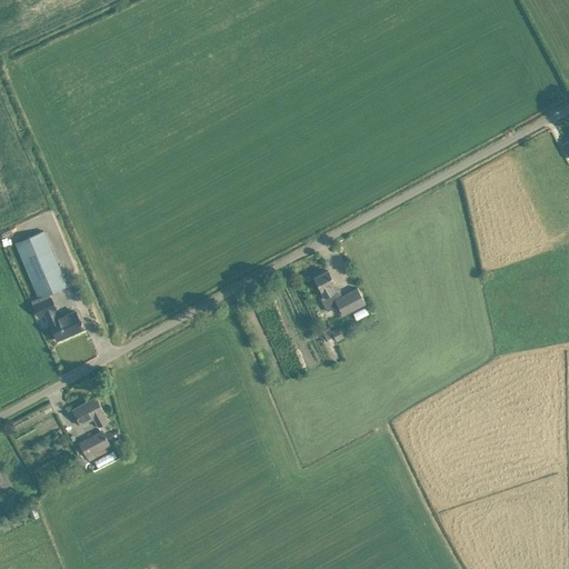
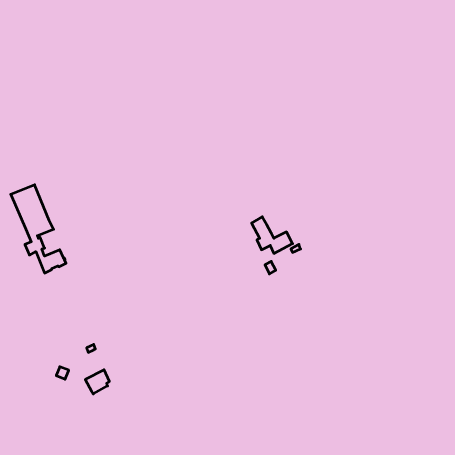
building: [71,398,106,428] -> none
building: [78,432,108,462] -> [85,370,109,394]

